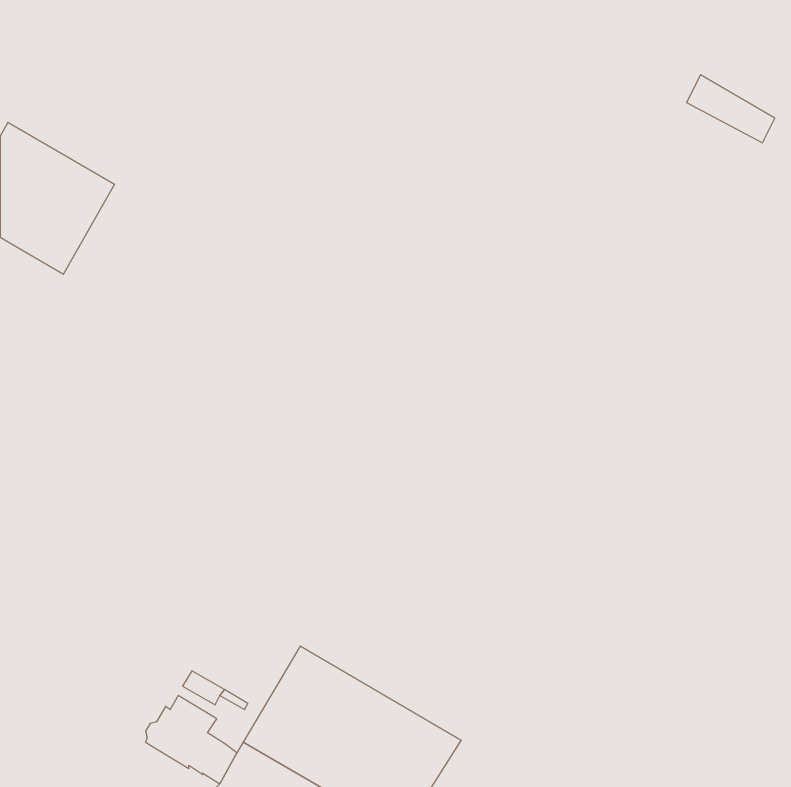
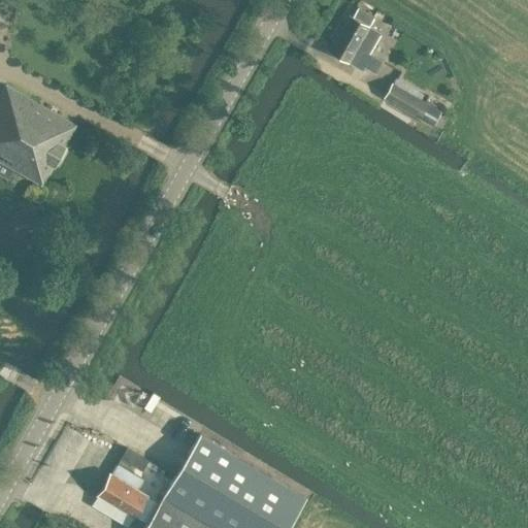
building: none -> [327,9,383,75]
building: [687,75,775,143] -> [383,82,441,128]

